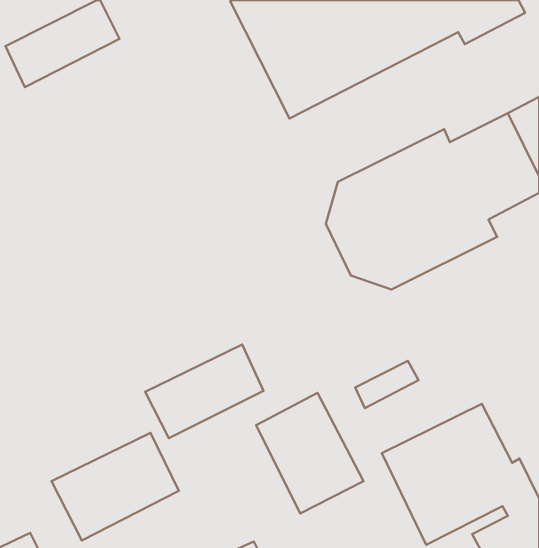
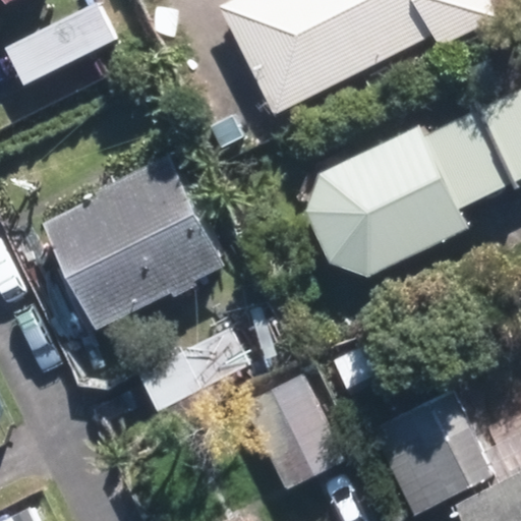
building: none -> [43,154,225,329]
building: [52,433,179,540] -> none

